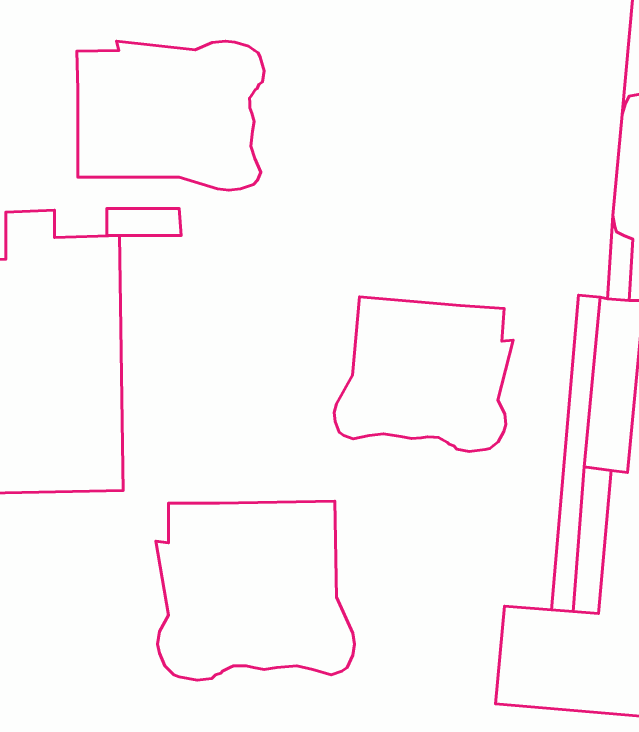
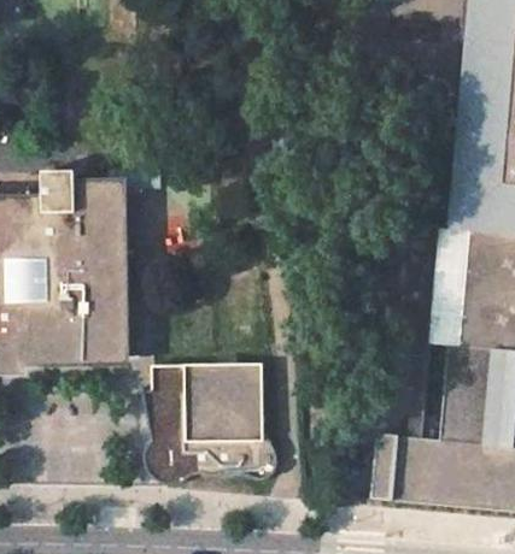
building: [77,41,264,190] -> none
building: [334,297,513,452] -> none

